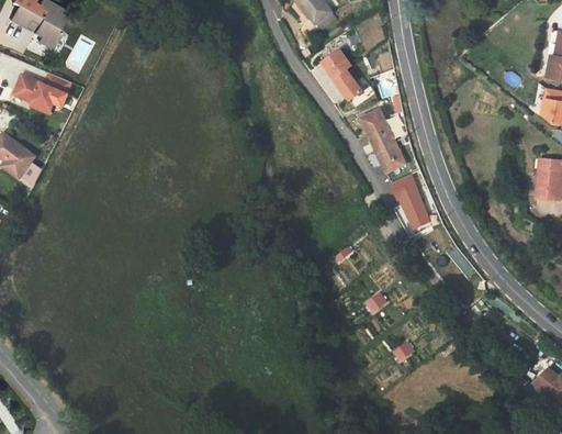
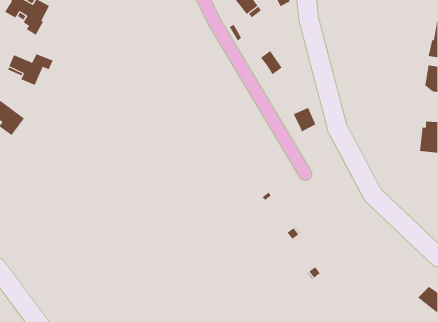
building: [323,49,351,79] -> none
building: [360,109,395,151] -> none
building: [391,175,431,226] -> none

